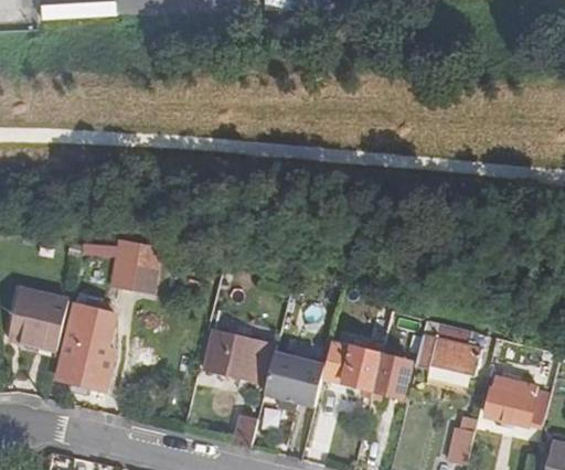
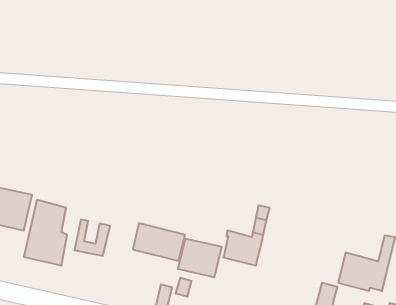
building: [108,248,157,298] -> [74,219,110,256]
building: [412,325,480,374] -> none
building: [371,355,407,397] -> none

